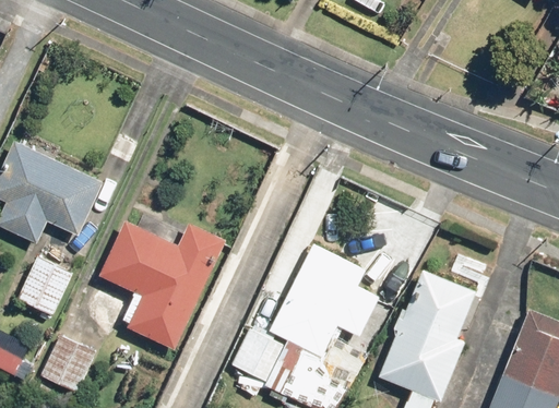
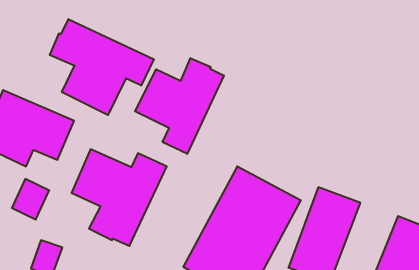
building: none -> [50,19,154,115]
building: none -> [135,58,224,154]

